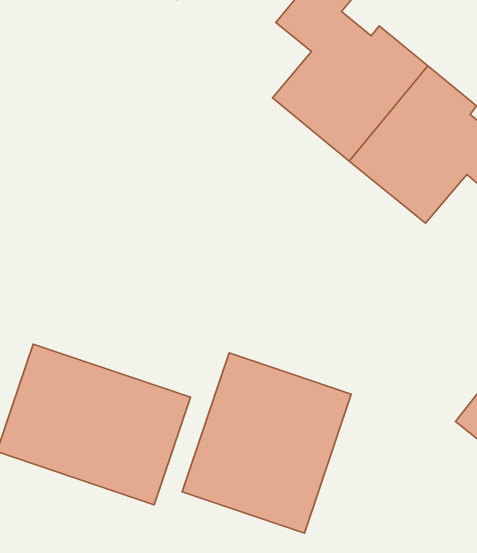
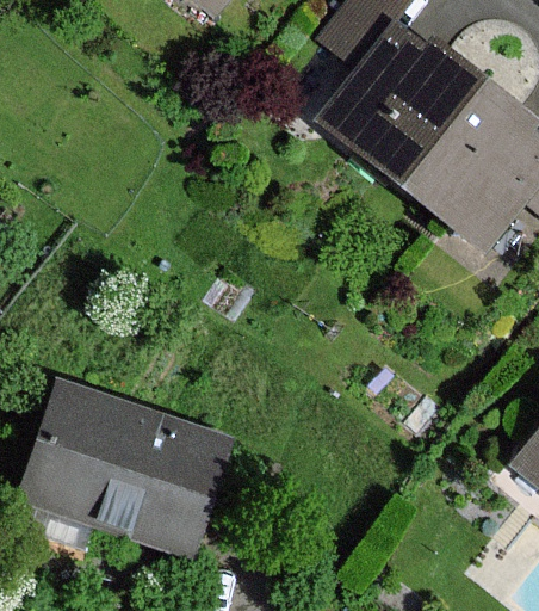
building: [182,353,351,533] -> none

